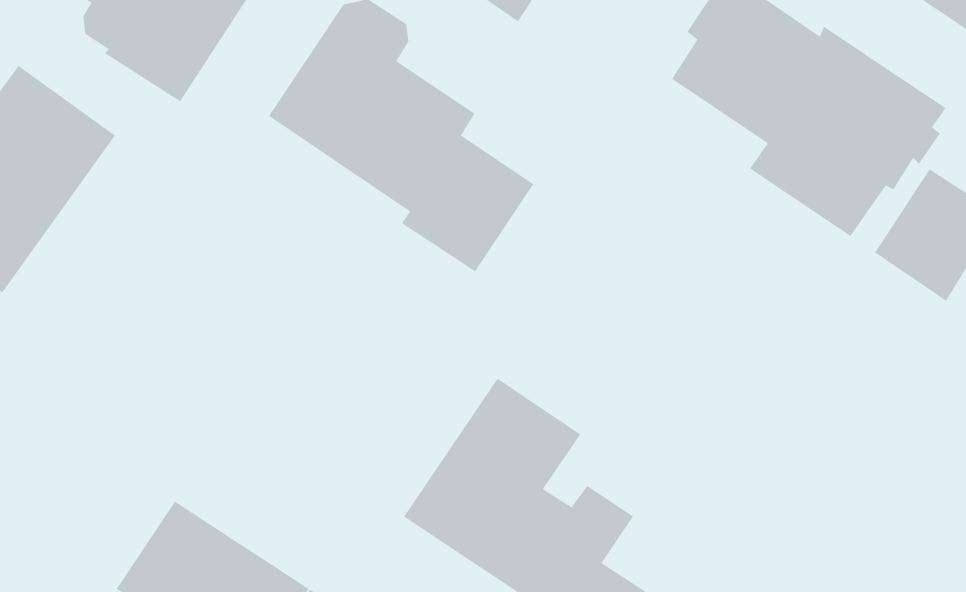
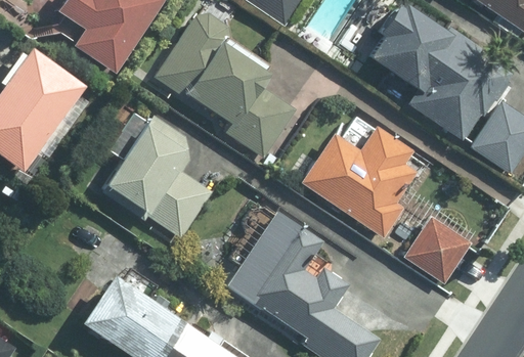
building: none -> [103,119,211,236]
building: none -> [302,128,416,236]
building: none -> [406,218,471,282]

